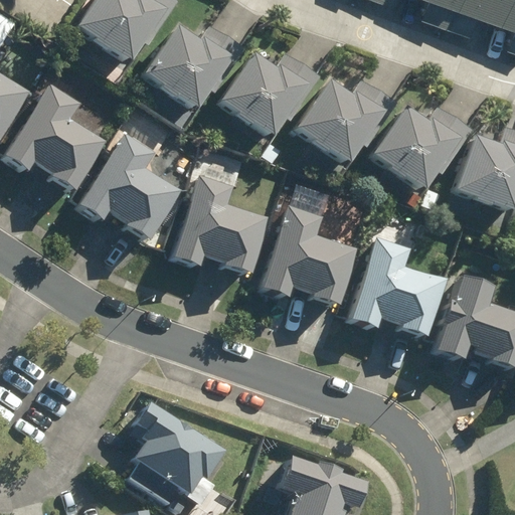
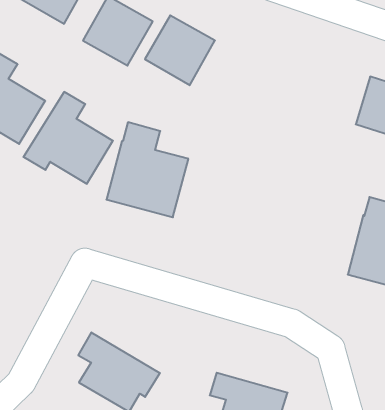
building: [302,77,382,157] -> none
building: [378,105,459,185] -> none
building: [259,206,354,317] -> none
building: [347,236,443,347] -> none

